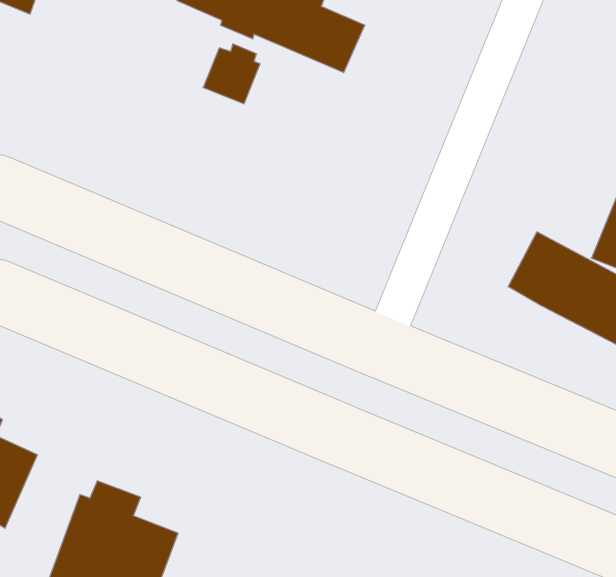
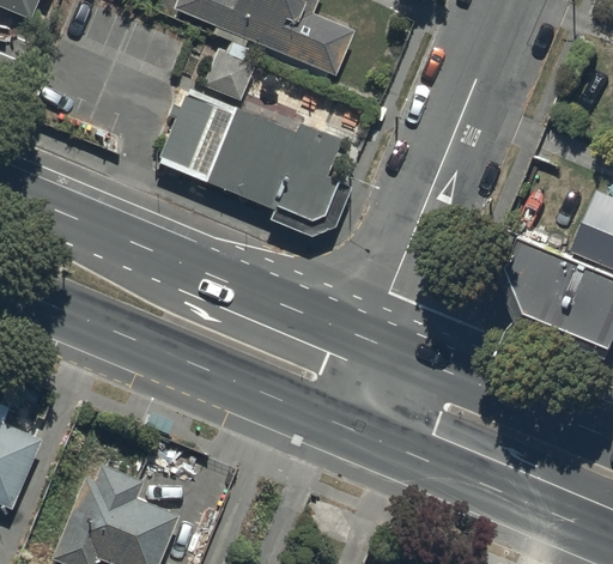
building: none -> [154,91,348,238]

